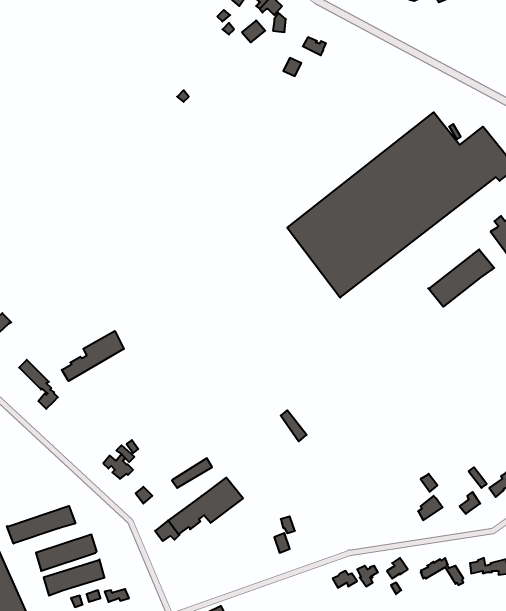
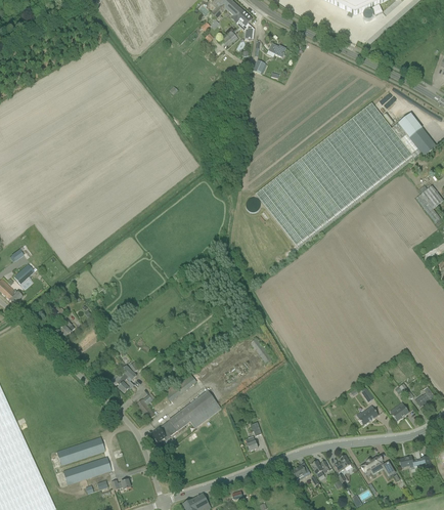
building: [428,249,494,307] -> none
building: [62,331,124,381] -> none
building: [7,506,75,544] -> none

